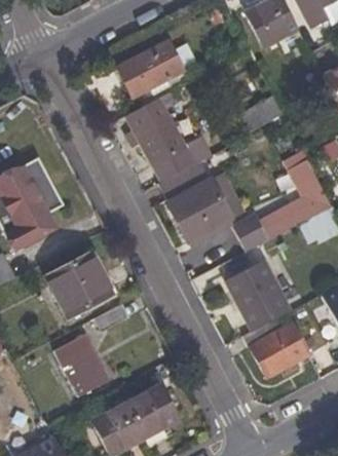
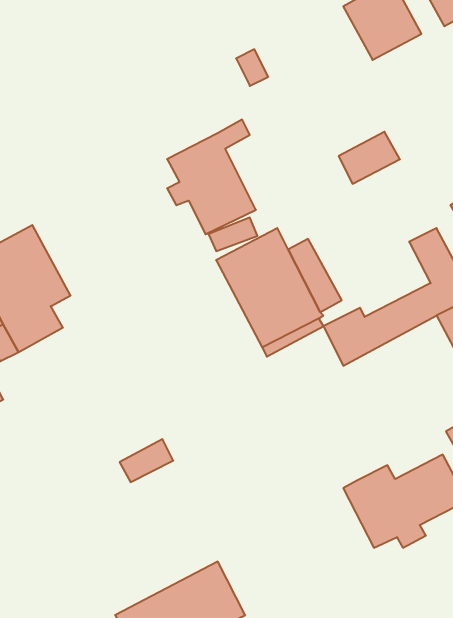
building: [117,41,189,97] -> none
building: [46,253,113,317] -> none
building: [227,263,287,330] -> none
building: [54,334,109,395] -> none

